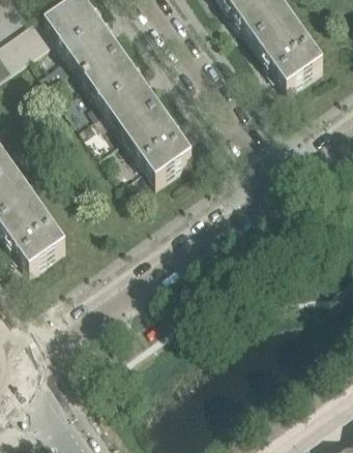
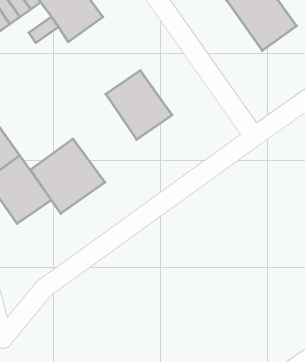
building: [88,53,164,133] -> none
building: none -> [30,139,105,214]

